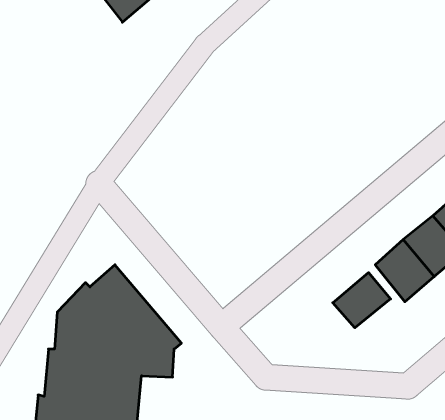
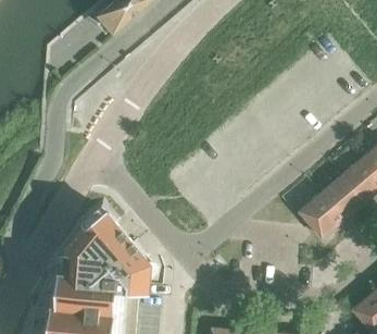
building: [333,273,391,328] -> none

